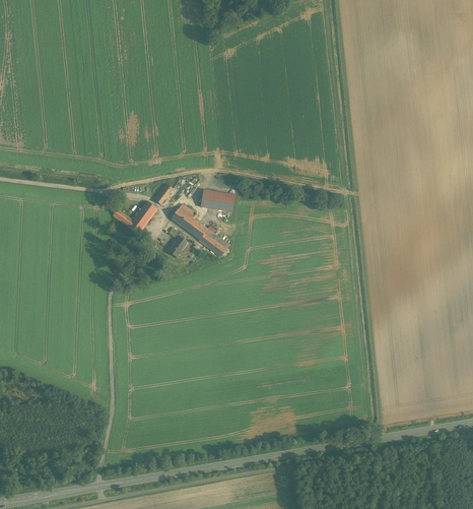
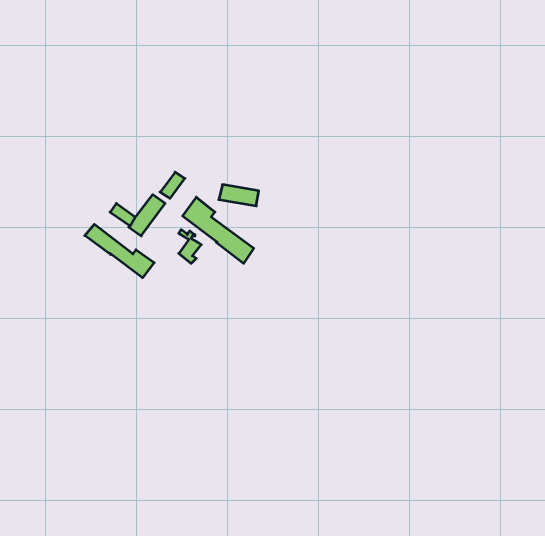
building: none -> [85,224,154,278]

